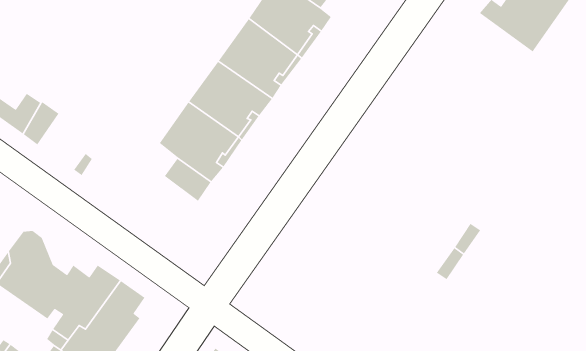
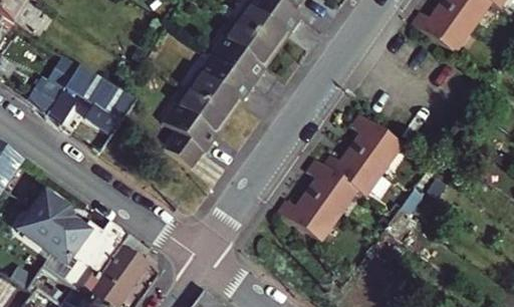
building: none -> [64,65,128,131]
building: none -> [281,110,408,243]

